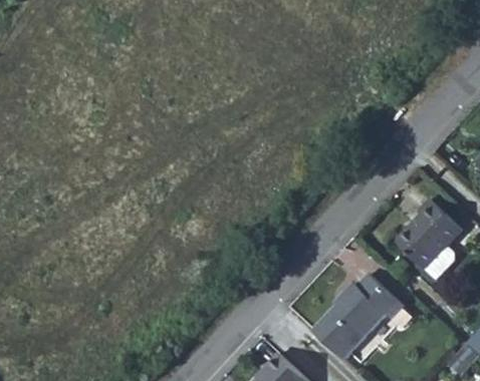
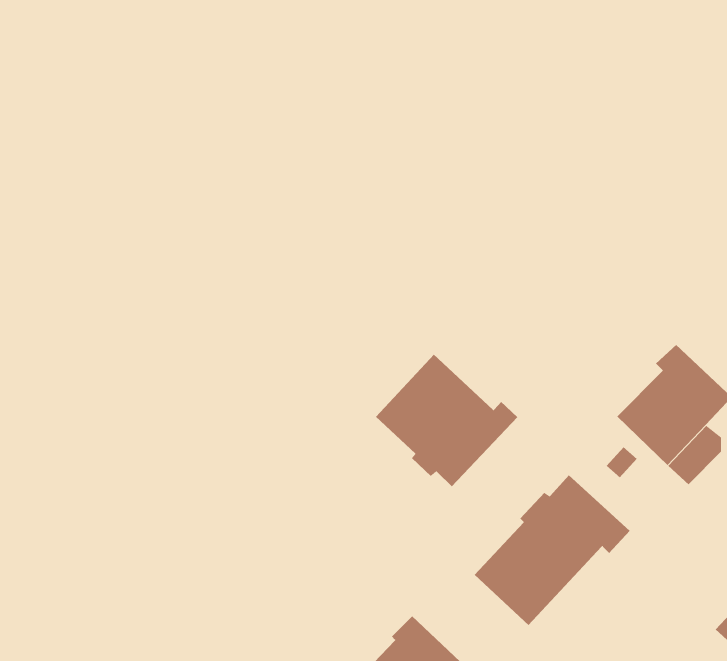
building: none -> [375,354,518,487]

